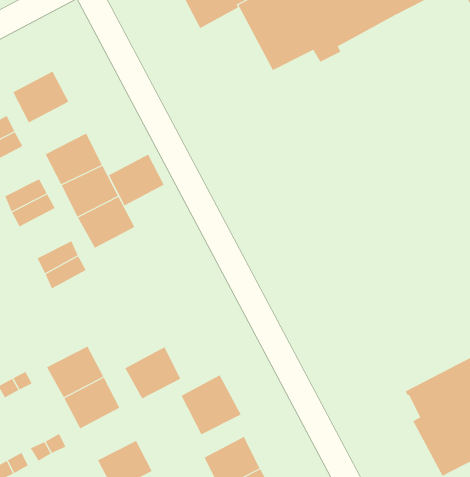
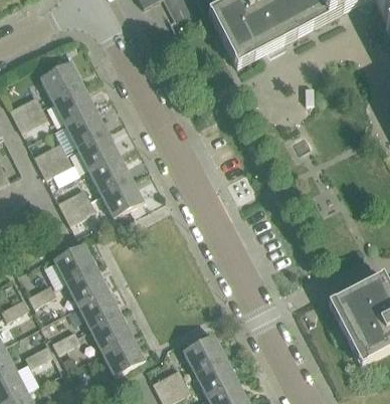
building: none -> [52,84,95,124]
building: [108,154,165,206] -> [102,178,144,217]
building: none -> [53,243,96,282]
building: [124,347,181,399] -> [90,313,133,352]
building: [181,375,242,435] -> none

